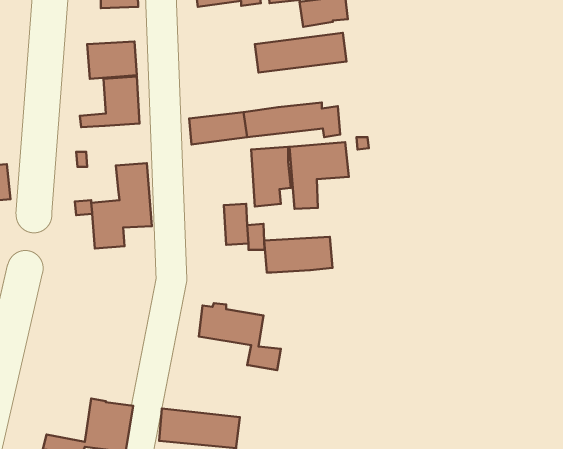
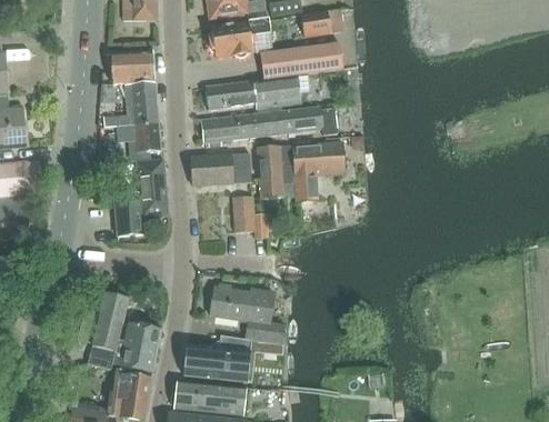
building: none -> [208,19,269,59]
building: none -> [204,74,301,112]
building: none -> [126,123,159,152]
building: [264,237,332,273] -> [190,153,251,185]
building: none -> [77,291,160,372]
building: none -> [182,334,254,382]

